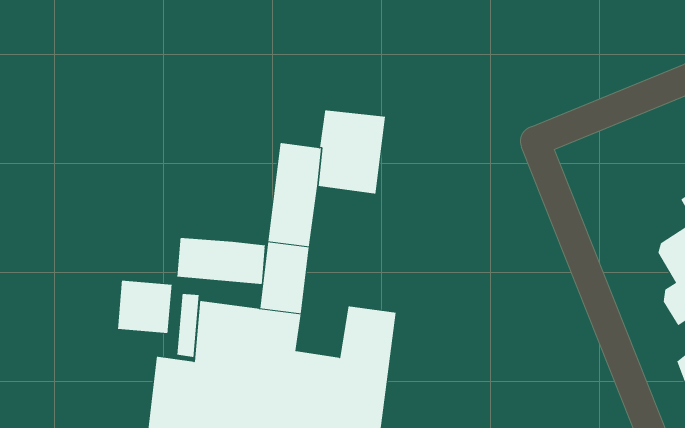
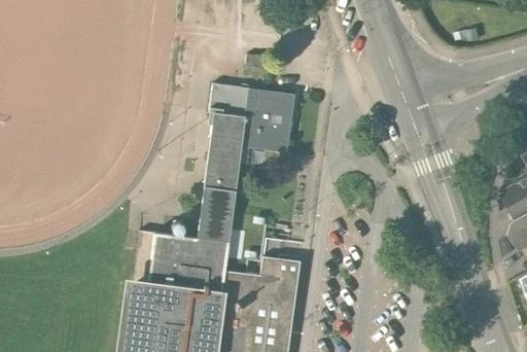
building: none -> [214,85,248,119]
building: [177,237,266,285] -> none
building: [117,280,172,334] -> none

